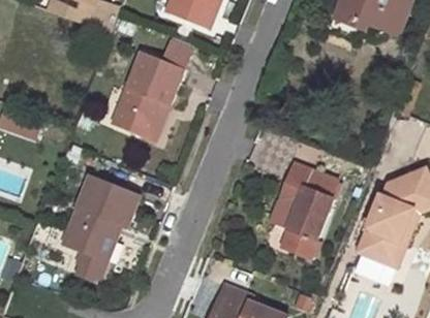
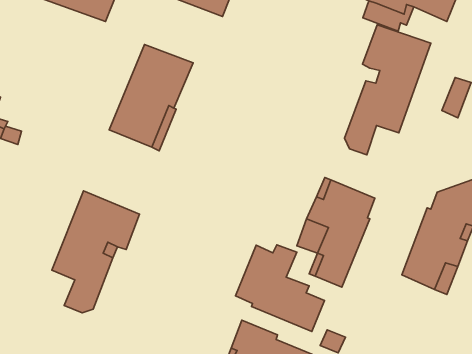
building: none -> [344,25,431,155]
building: none -> [236,245,325,331]

